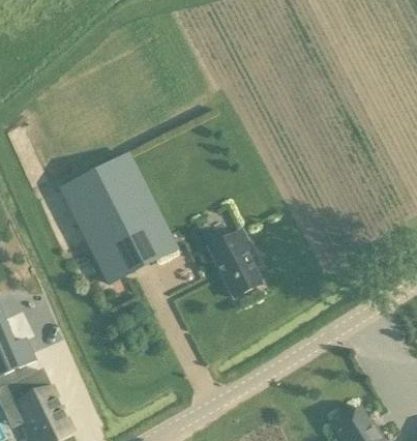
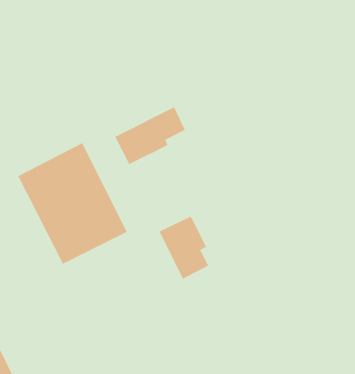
building: none -> [114,106,186,165]

